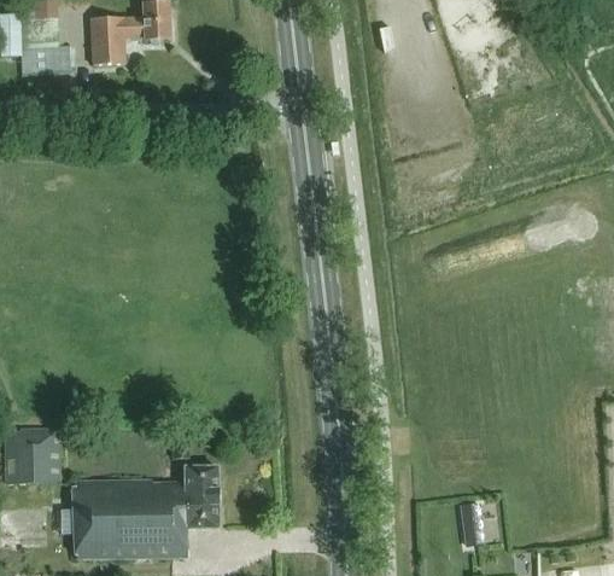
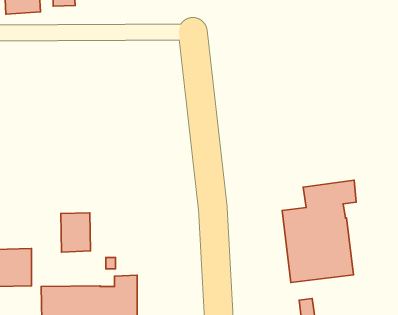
building: none -> [282,180,356,283]
building: none -> [61,213,91,252]

